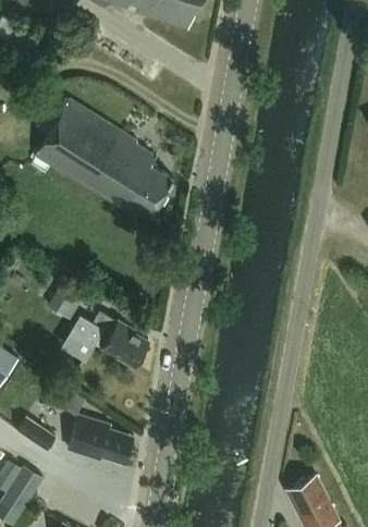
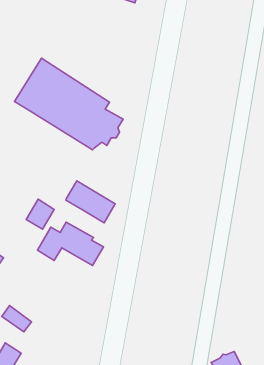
building: none -> [66,181,115,223]
building: [69,416,133,464] -> none

